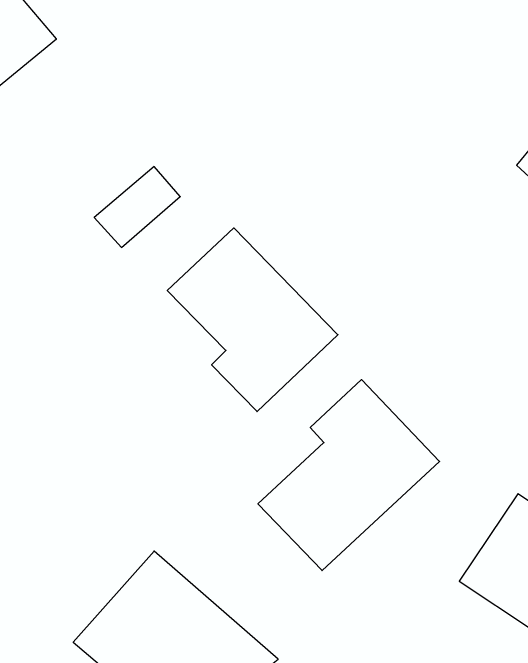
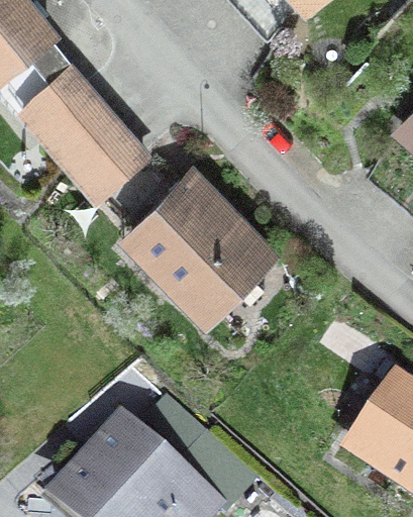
building: none -> [37,50,122,170]
building: [258,380,440,571] -> none

